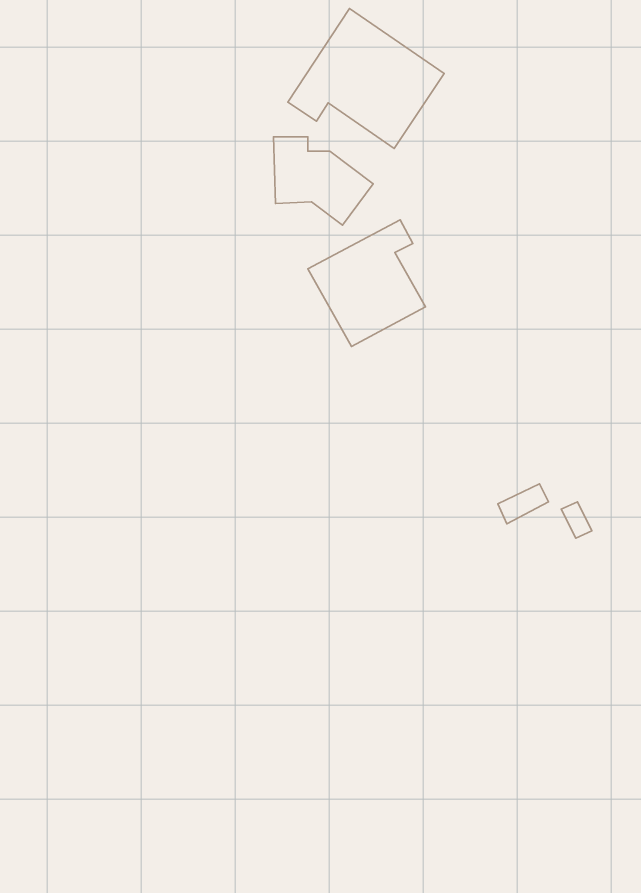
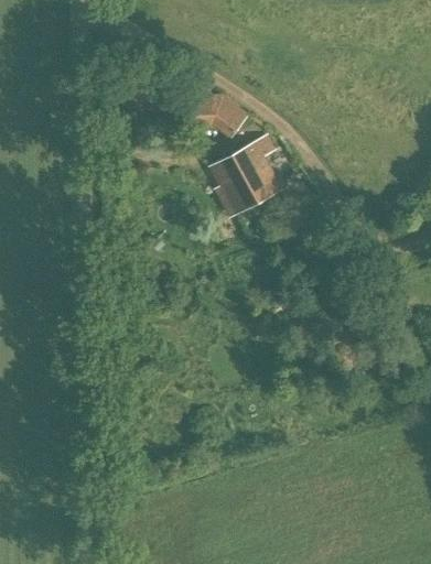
building: [288,8,444,149] -> none

